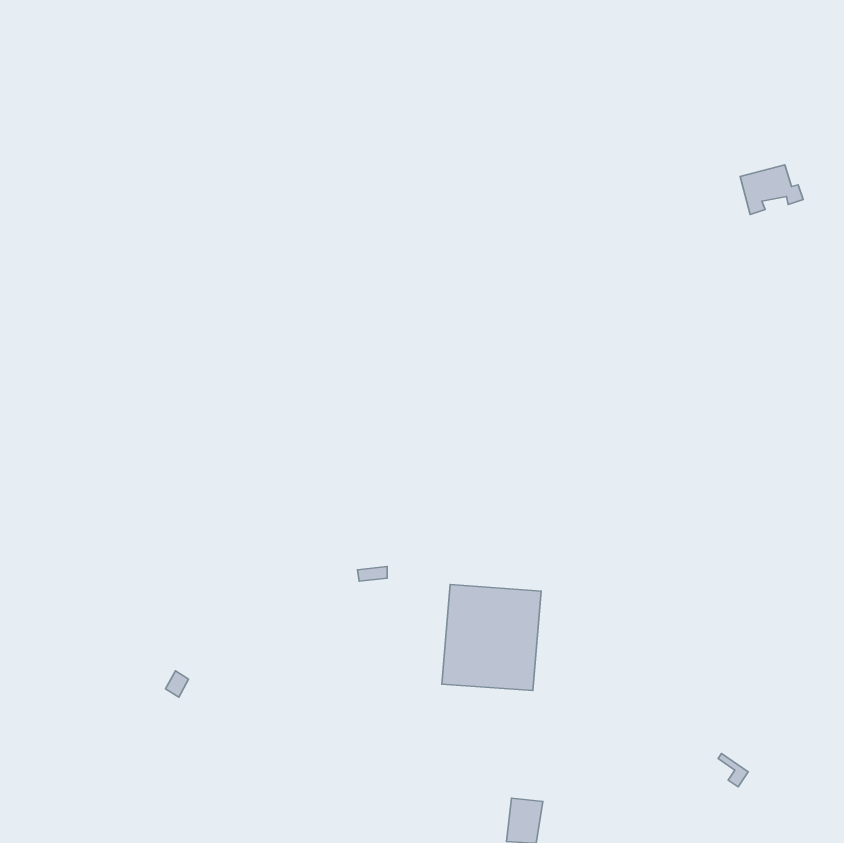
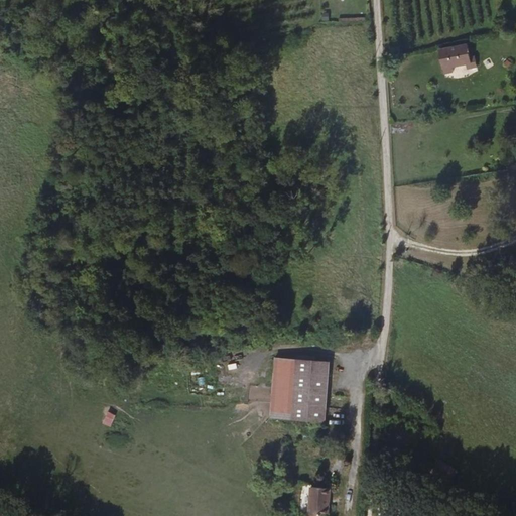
building: [740,165,803,215] -> [437,45,476,76]

